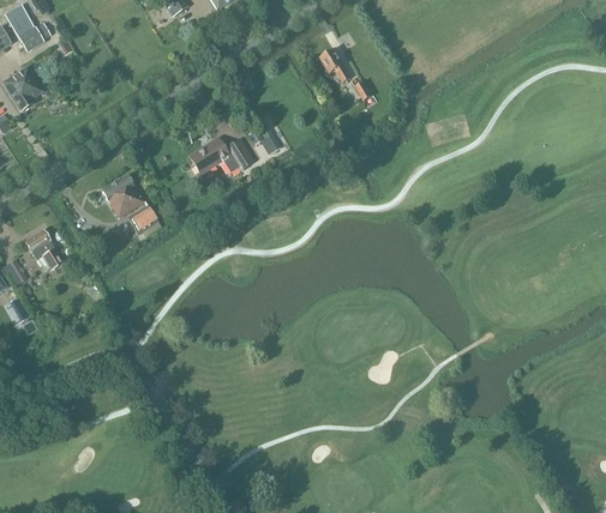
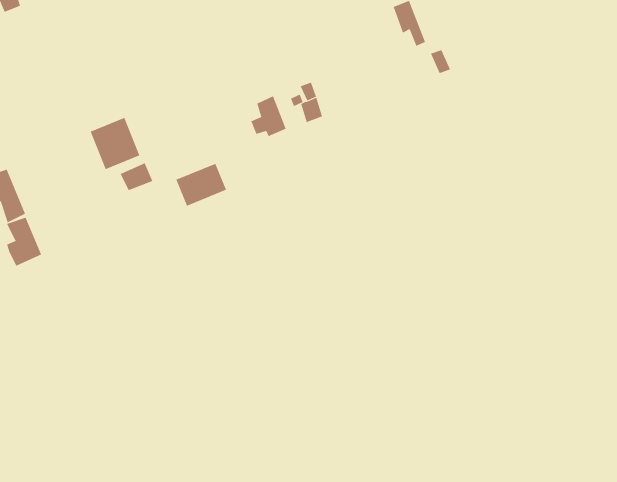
building: [187,138,228,175] -> [176,163,227,206]
building: none -> [6,217,42,267]

